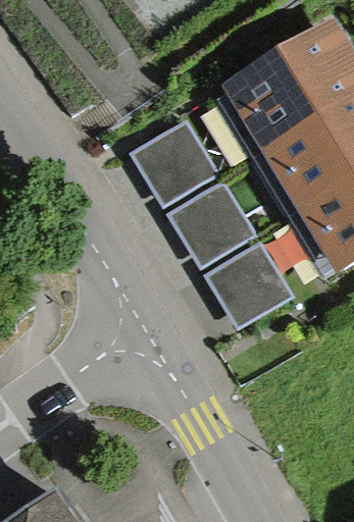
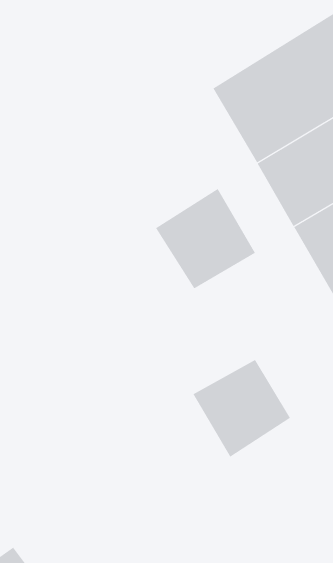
building: [131,117,219,206] -> none
building: [205,242,291,327] -> [192,359,291,458]

